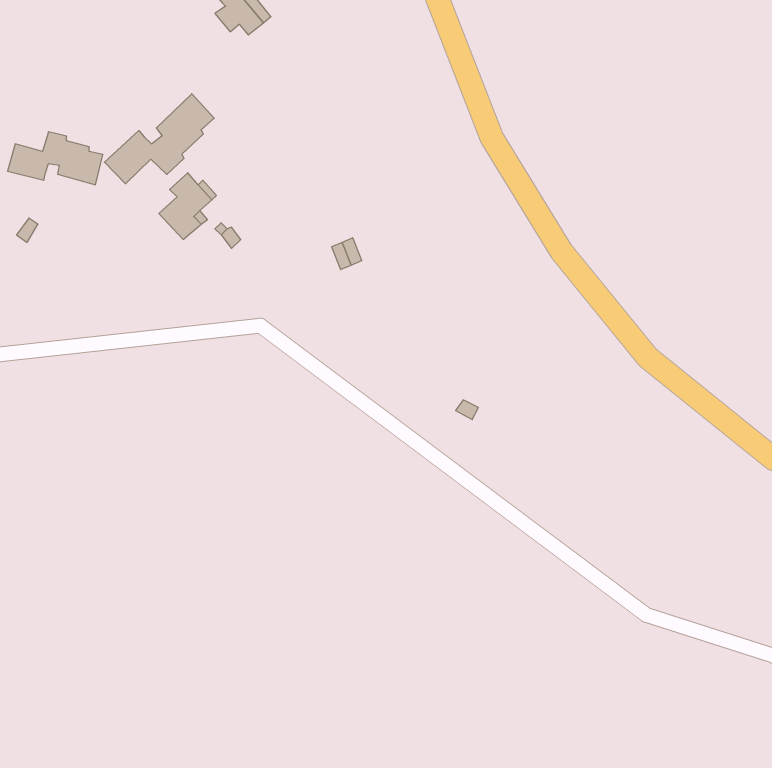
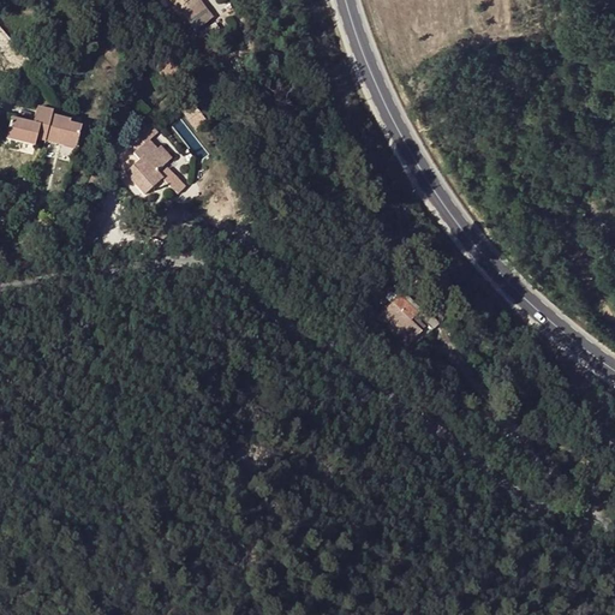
building: [104,94,214,184] -> none
building: none -> [382,293,423,341]

